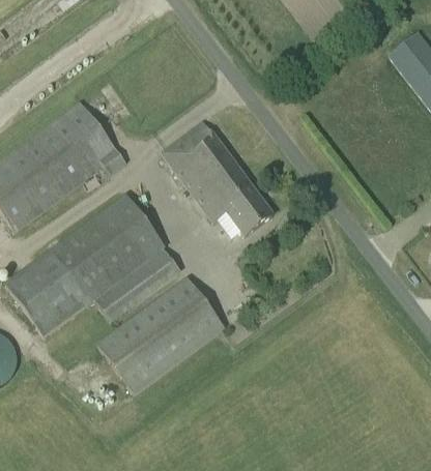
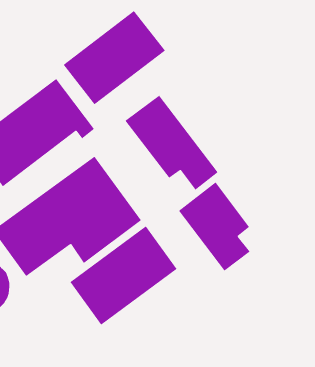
building: none -> [63,10,166,105]
building: none -> [178,181,251,271]

